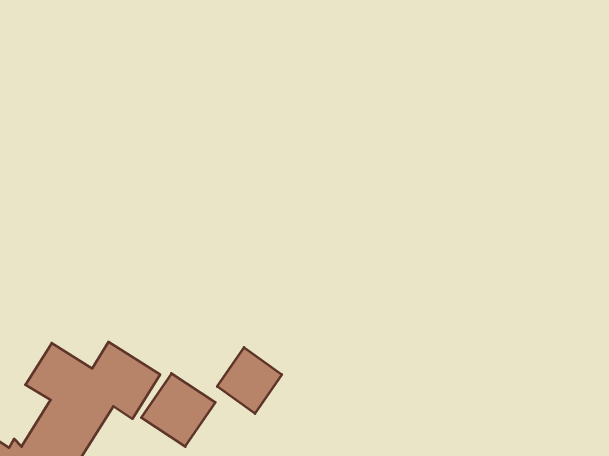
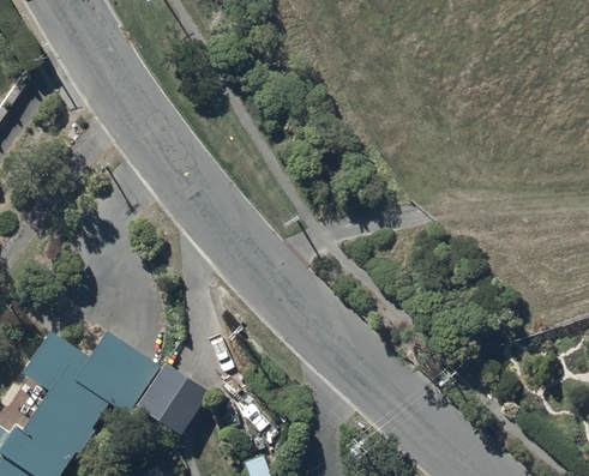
building: [217,347,282,414] -> none

